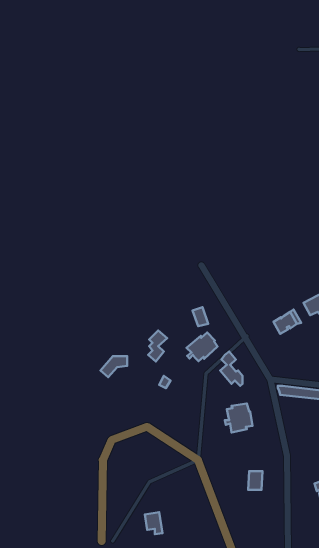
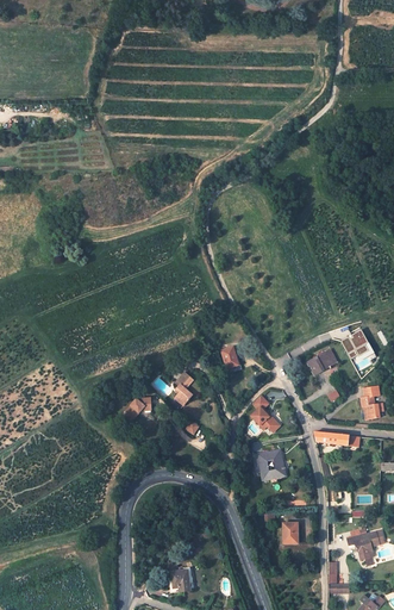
building: [186,333,218,361] -> none

